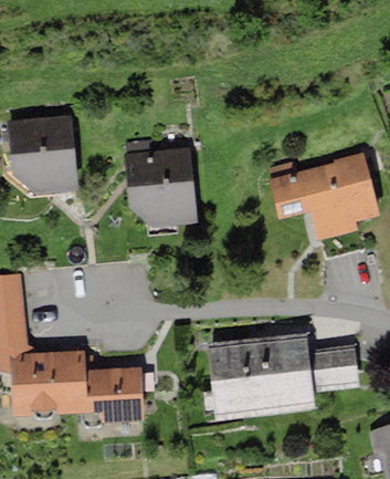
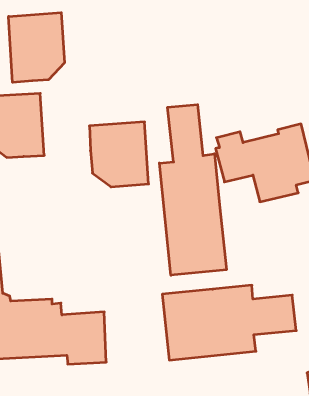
building: none -> [9,13,64,82]
building: none -> [159,105,226,275]

